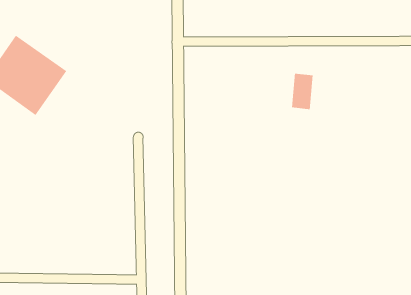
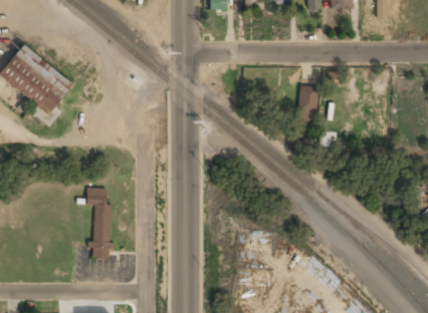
building: none -> [86,187,113,258]

